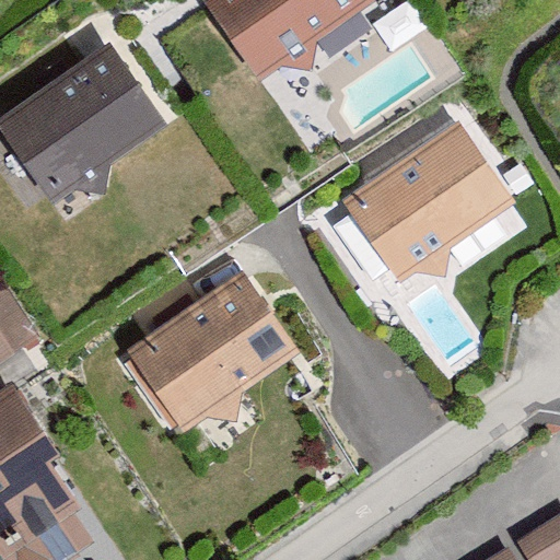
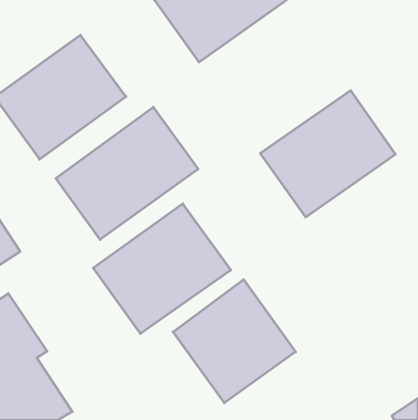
building: none -> [56,107,198,240]
building: none -> [173,280,296,403]

